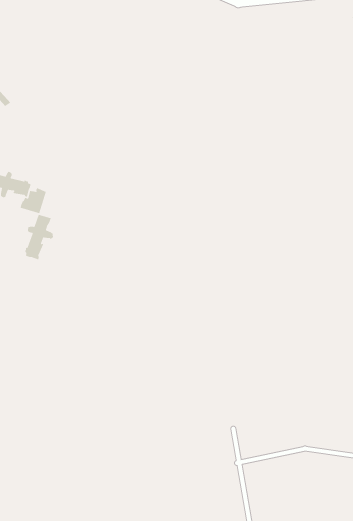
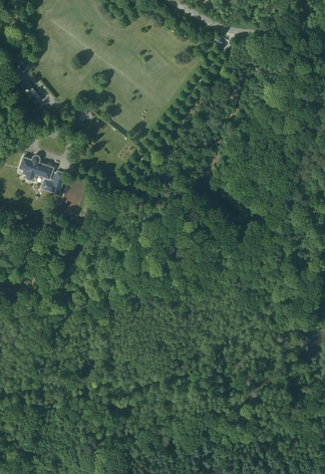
building: [25,214,54,261] -> none

